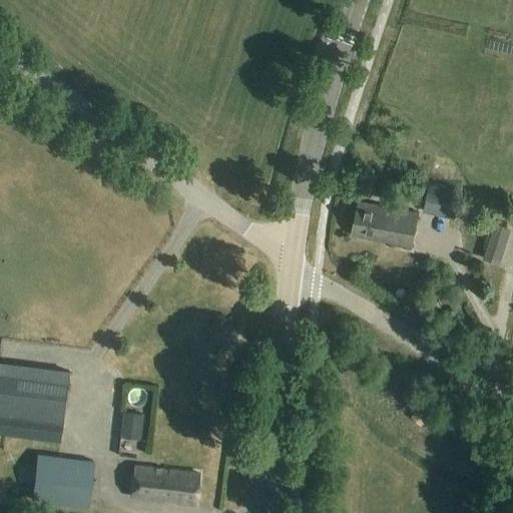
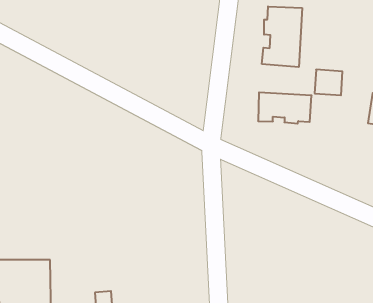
building: none -> [262,6,302,67]

